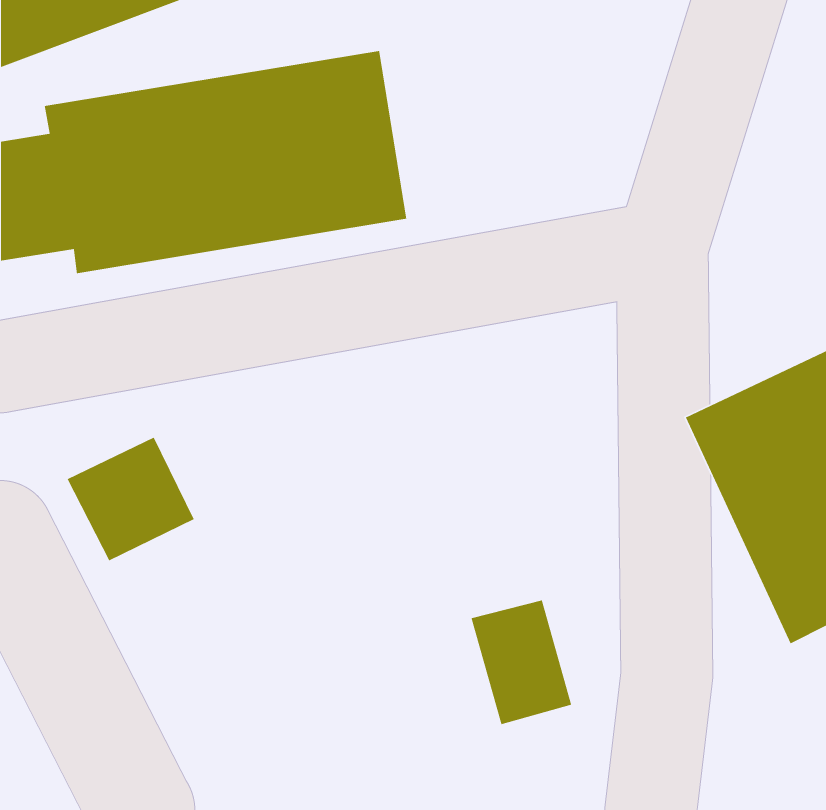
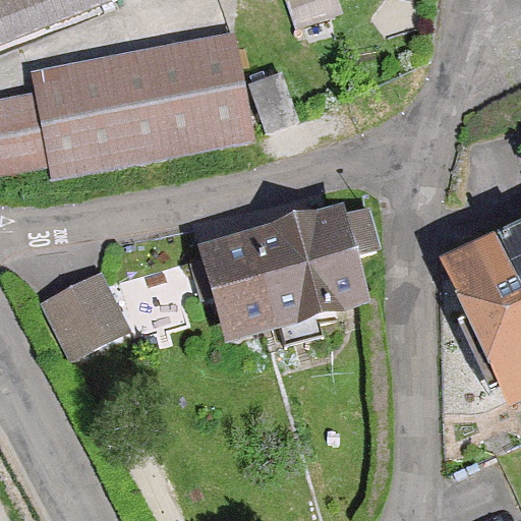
building: none -> [199,201,384,344]
building: [470,599,572,725] -> none

